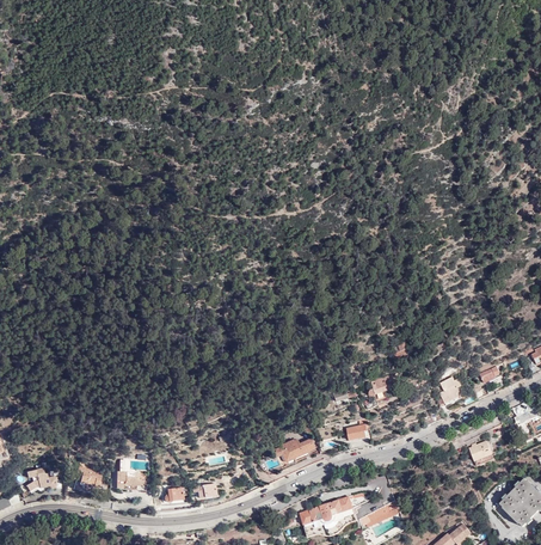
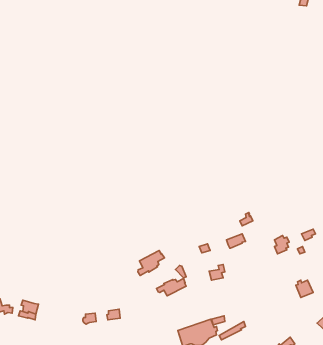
building: none -> [138,250,164,275]
building: [115,471,146,489] -> none

